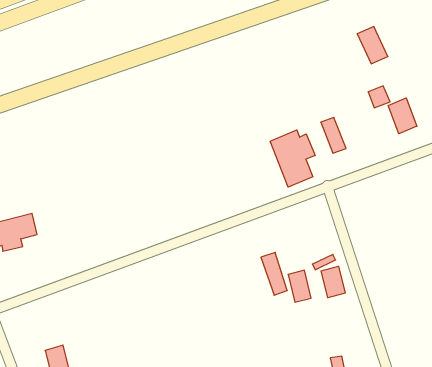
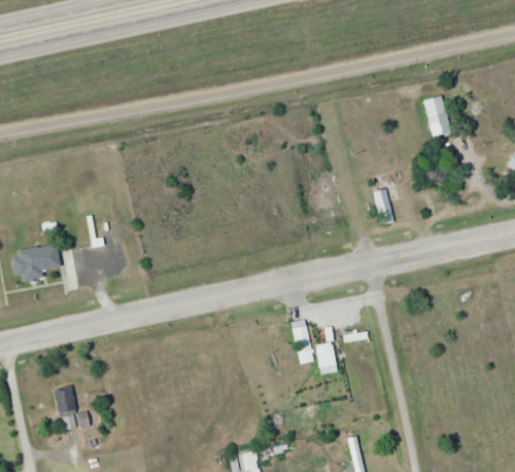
building: [388,98,417,134] -> none
building: [270,130,315,187] -> none
building: [321,266,345,298] -> none

